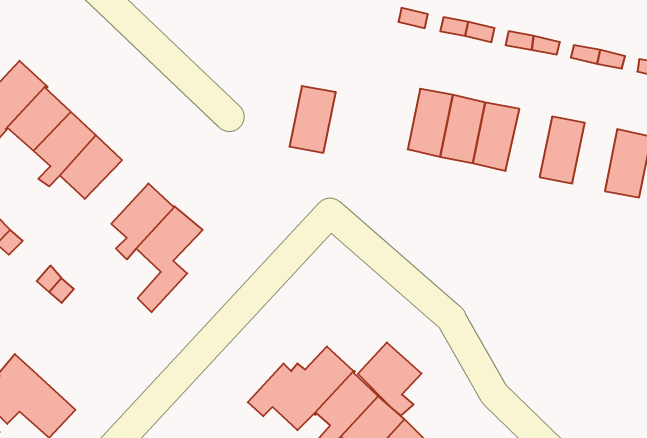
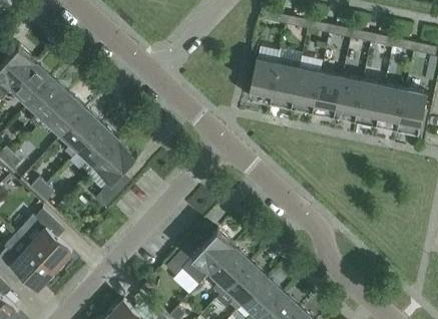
building: [289,86,336,153] -> [248,59,278,102]
building: none -> [333,76,363,120]
building: none -> [376,85,405,129]
building: none -> [61,109,102,157]
building: none -> [28,210,72,271]
building: [358,342,422,416] -> none

